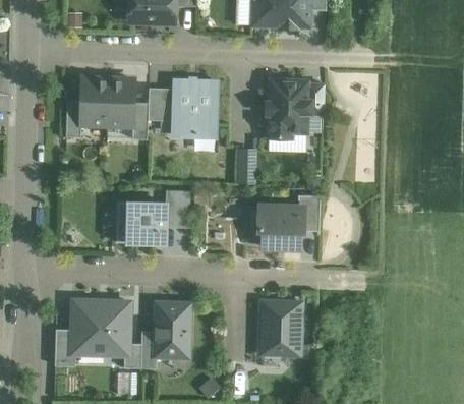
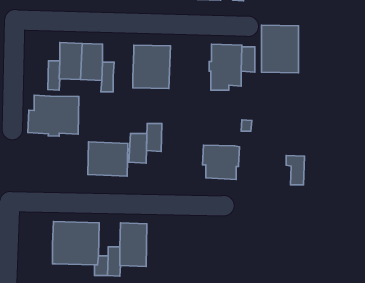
building: none -> [262,25,298,73]
building: [147,88,172,121] -> none
building: none -> [28,95,79,136]
building: [235,149,254,183] -> [146,124,162,151]
building: [297,194,320,231] -> [286,155,304,185]
building: [259,301,300,354] -> none
building: [54,329,74,366] -> none

